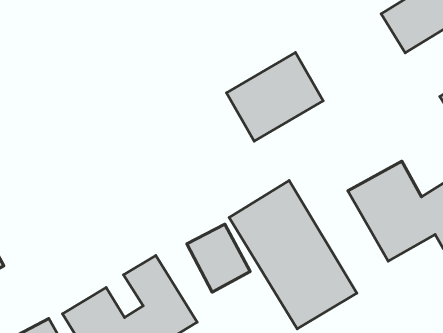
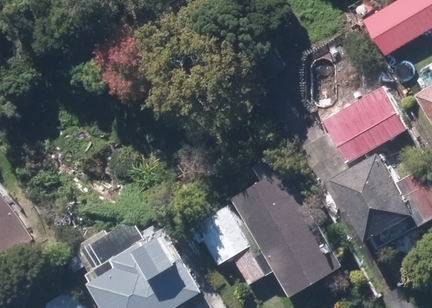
building: [227,53,323,141] -> [320,89,404,166]

